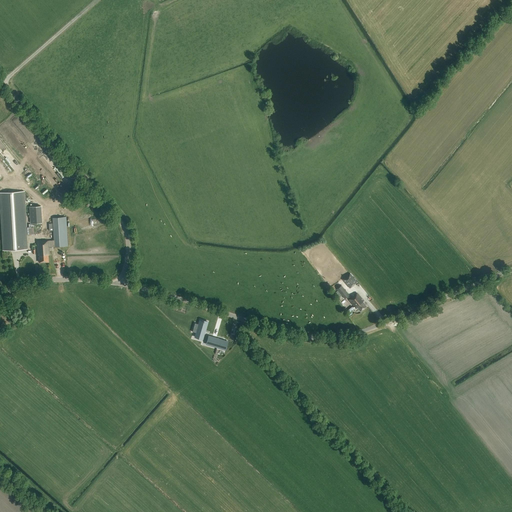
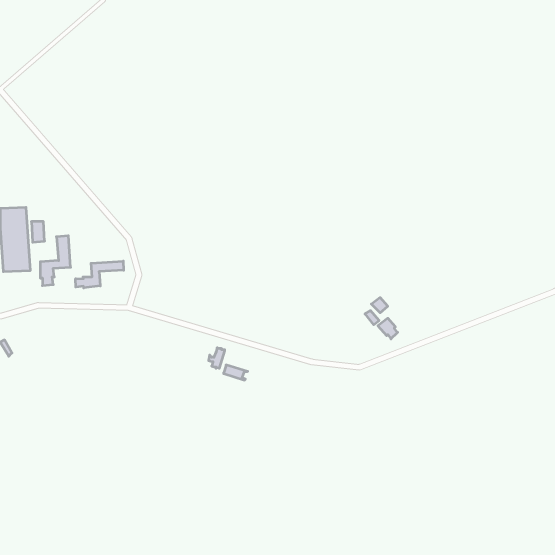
building: none -> [76,261,124,288]

